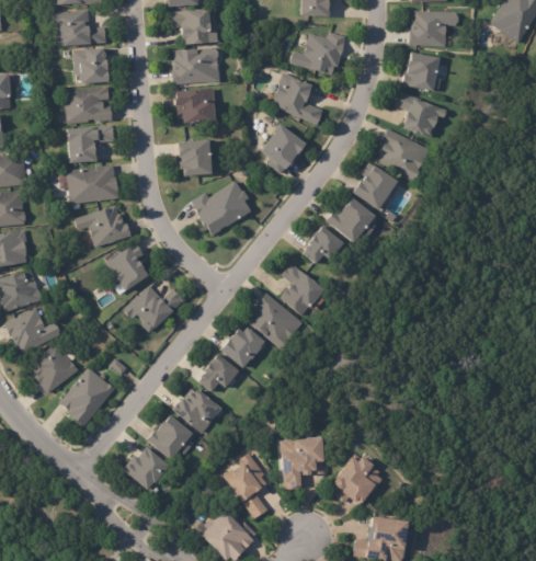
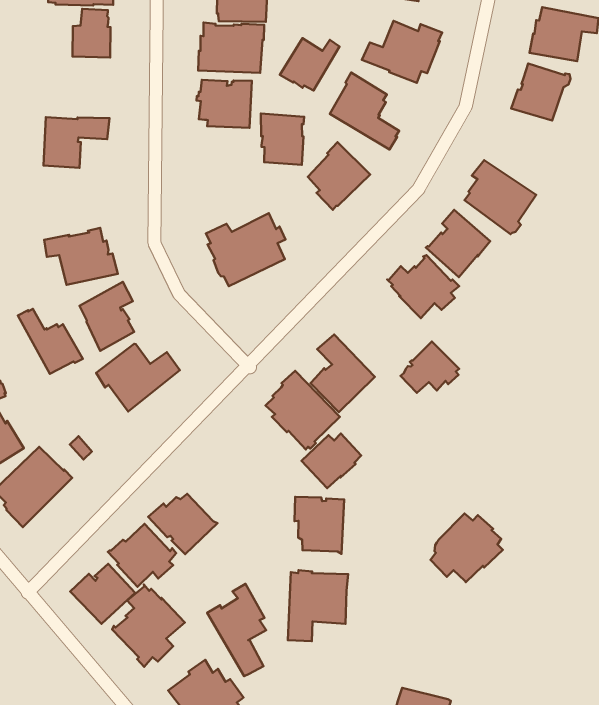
building: none -> [280,38,339,91]
building: [64,87,113,124] -> none
building: [396,92,447,139] -> none
building: [176,140,210,176] -> [261,113,304,165]
building: [65,164,118,204] -> none
building: [303,226,344,264] -> [401,341,459,393]
building: none -> [18,309,83,374]
building: [221,327,264,367] -> [301,434,361,488]
building: [198,353,239,392] -> none
building: none -> [295,497,344,554]
building: [332,455,384,504] -> [430,514,503,582]
building: none -> [112,585,185,667]

